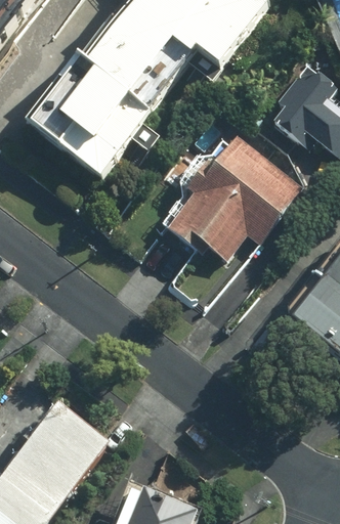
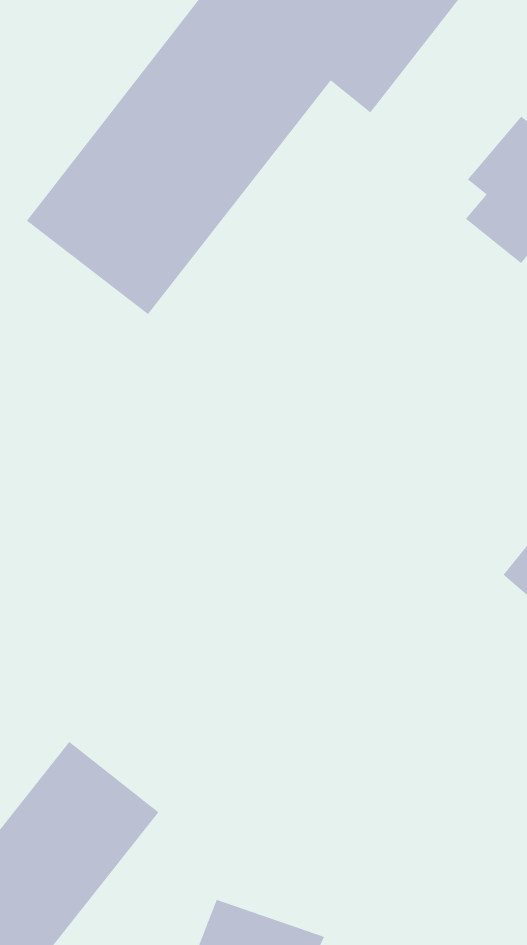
building: [171,137,299,261] -> none

